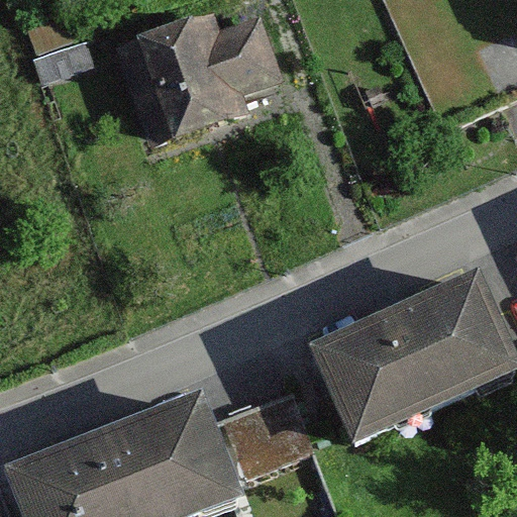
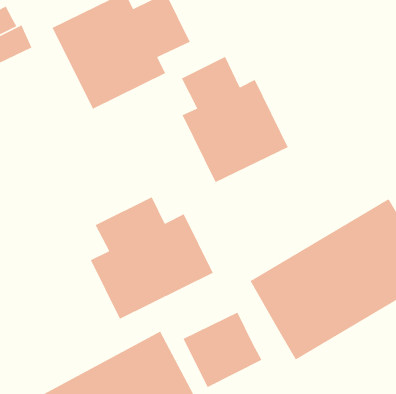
building: none -> [181,56,289,183]
building: none -> [90,196,214,320]

